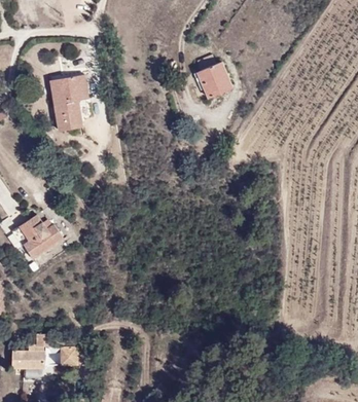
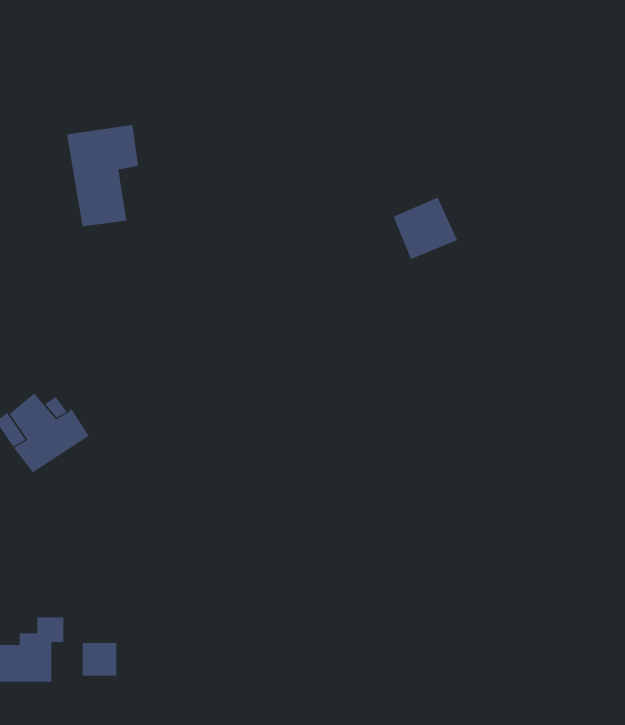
building: [198,65,231,98] -> [393,197,458,260]

